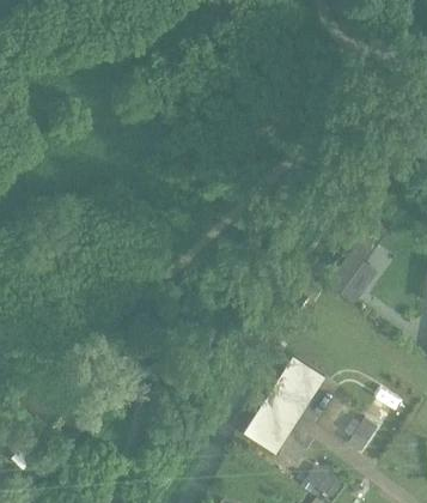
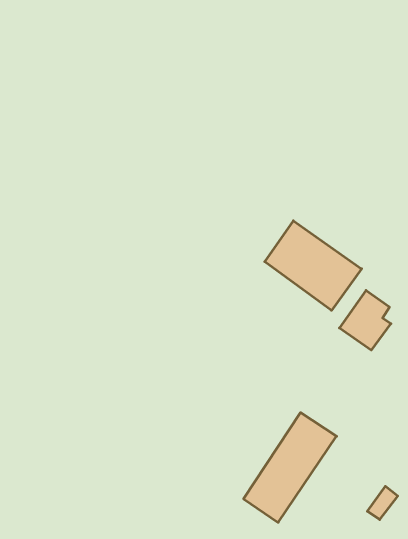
building: none -> [265,221,362,310]

